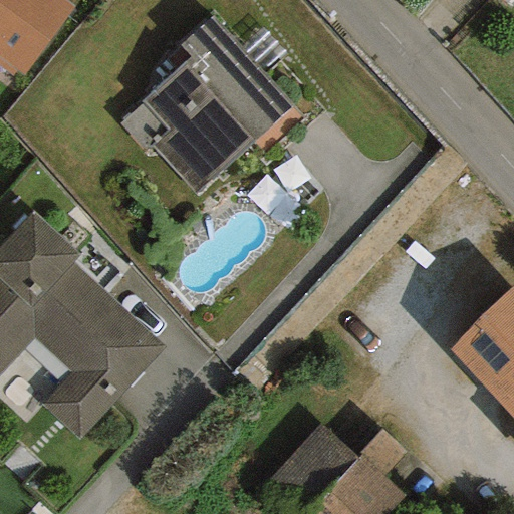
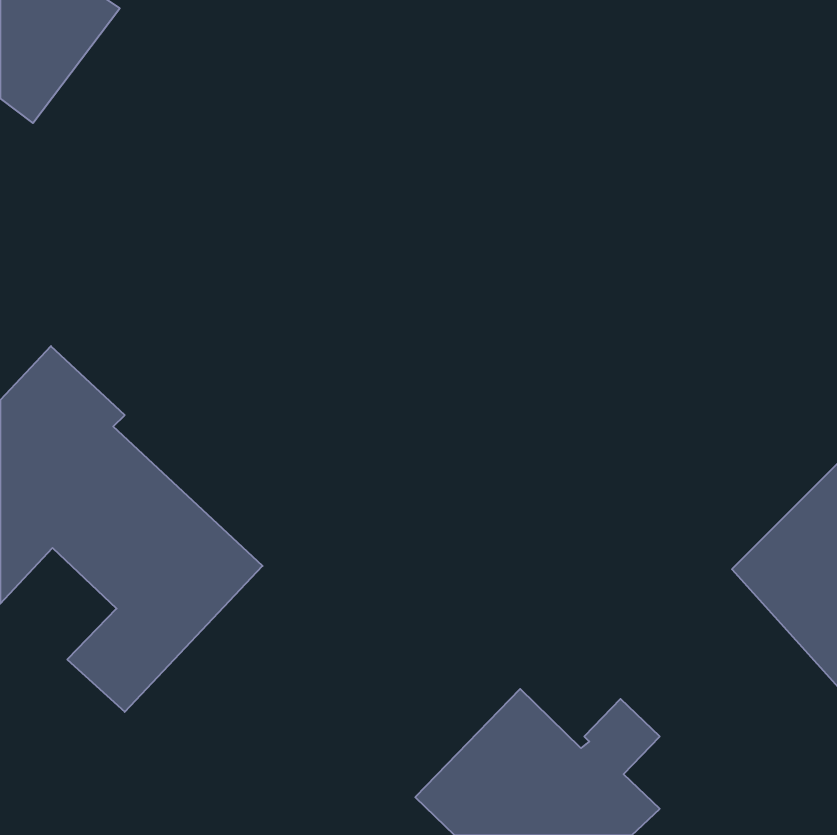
building: [143,18,290,192] -> none

